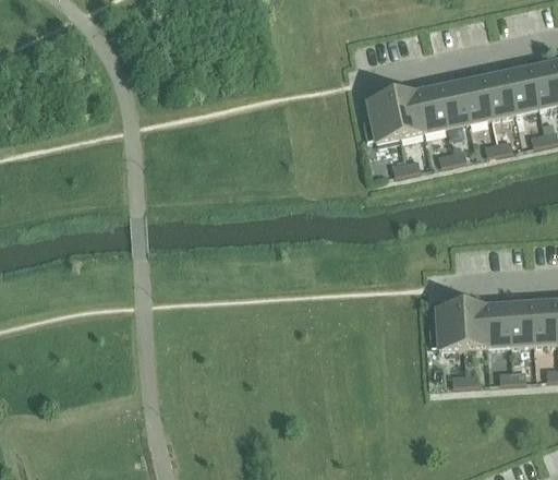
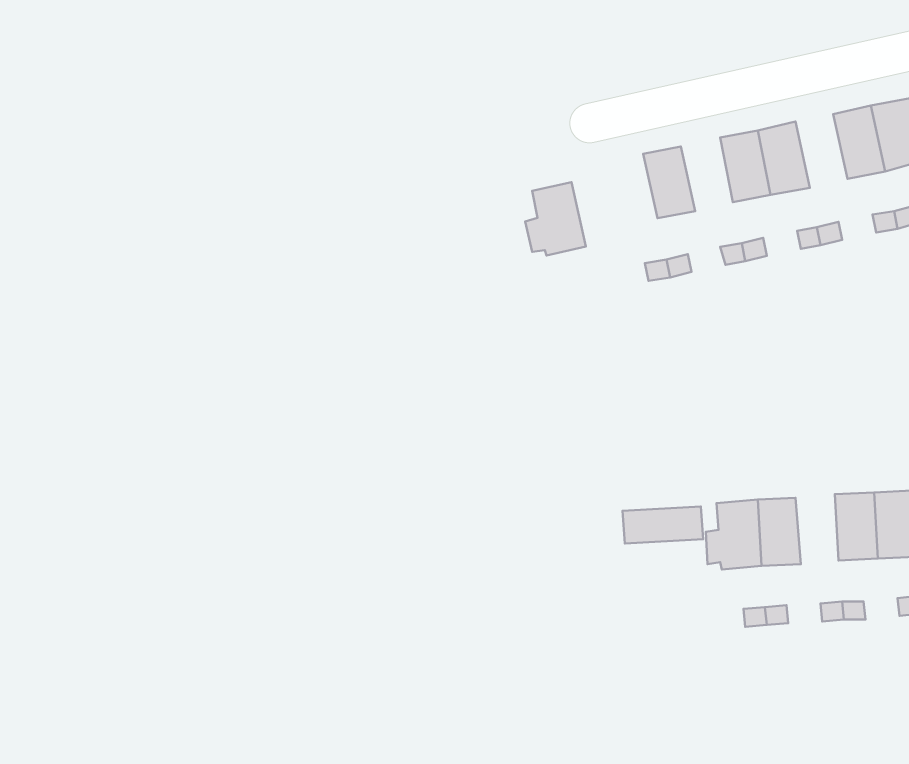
building: [486,71,518,116] -> none
building: [416,85,448,130] -> none
building: [365,95,402,140] -> [525,182,586,255]
building: [486,302,512,345] -> none
building: none -> [623,507,703,544]

